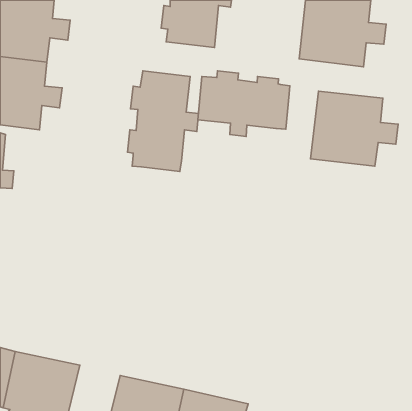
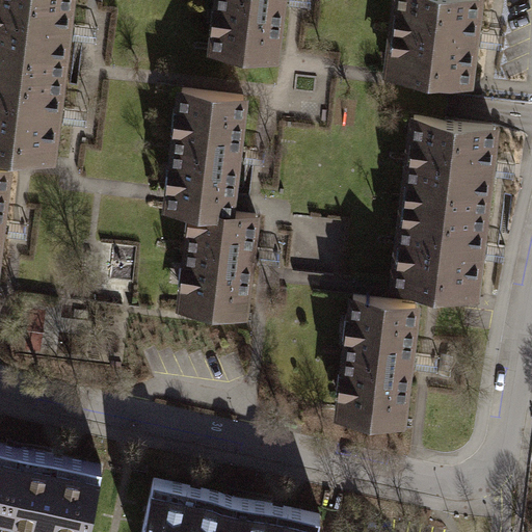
building: [198,71,290,136] -> none
building: none -> [391,206,503,303]
building: none -> [175,216,266,324]
building: none -> [331,300,424,430]

